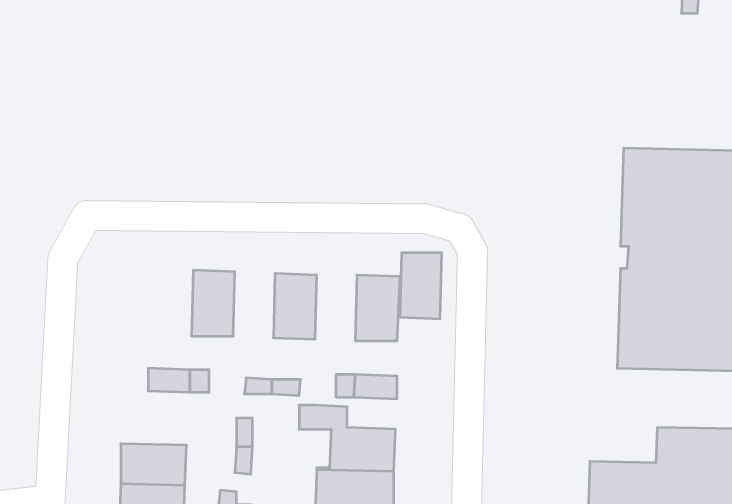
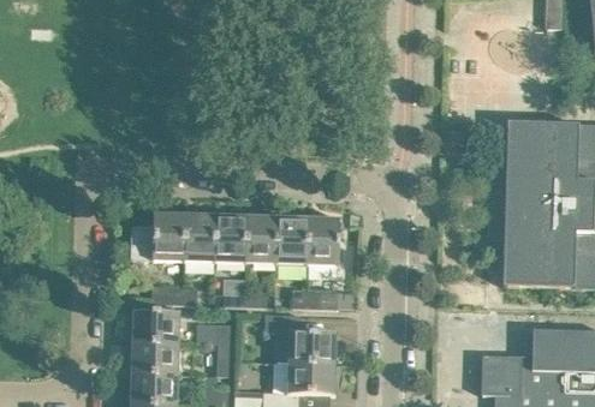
building: [400,253,442,319] -> [276,216,308,265]
building: none -> [131,213,185,262]
building: none -> [215,214,246,263]
building: none -> [131,310,180,343]

